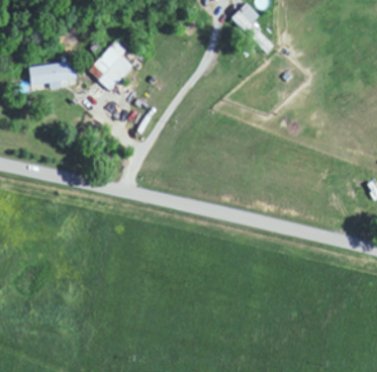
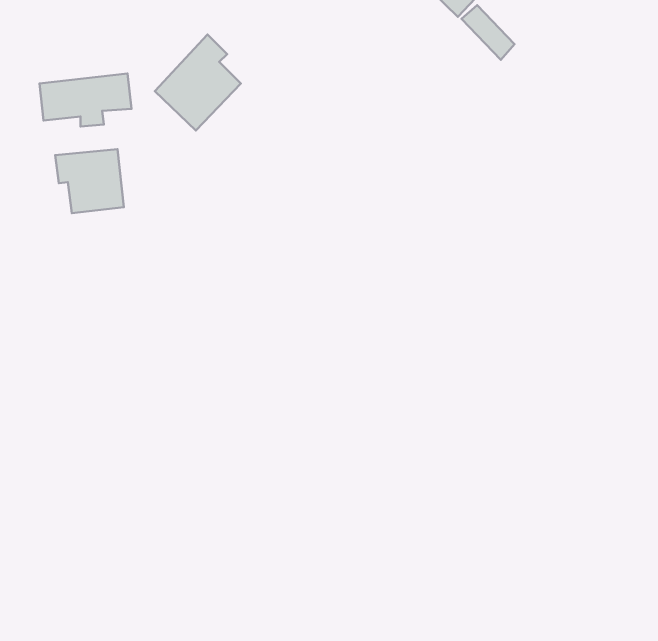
building: none -> [55,149,124,213]

